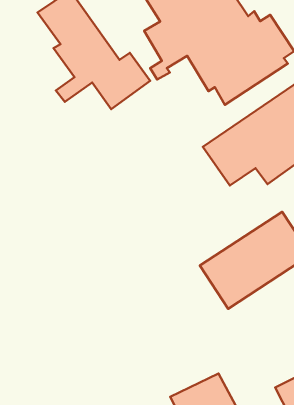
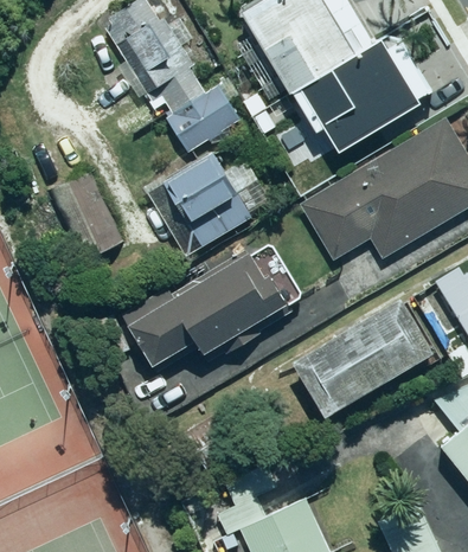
building: none -> [165,155,254,249]
building: none -> [51,172,120,258]
building: none -> [123,237,304,373]

